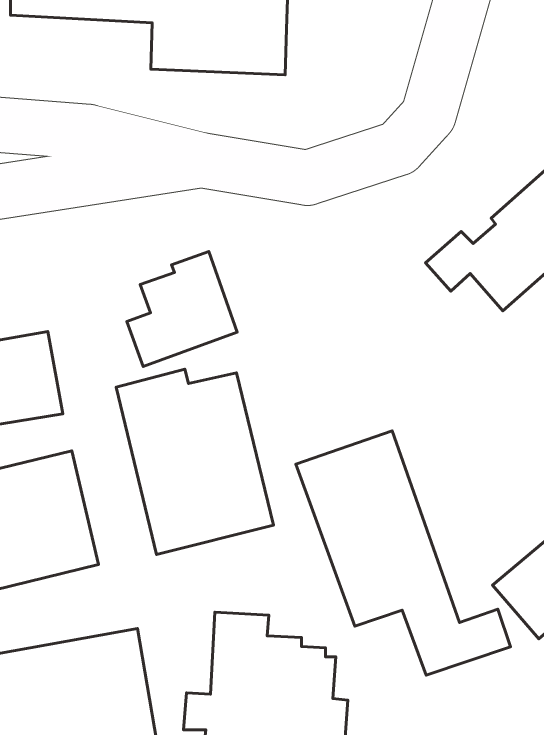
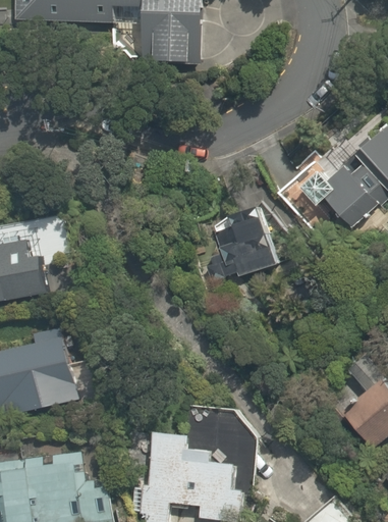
building: [127,252,237,366] -> [205,211,280,290]
building: [116,369,273,554] -> none
building: [296,431,511,675] -> none

